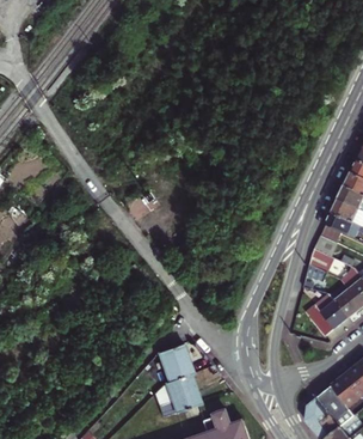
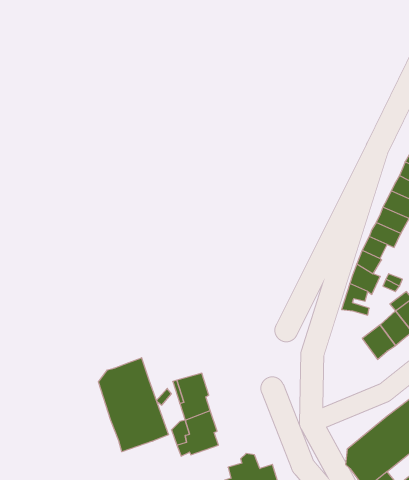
building: none -> [98,358,168,452]

